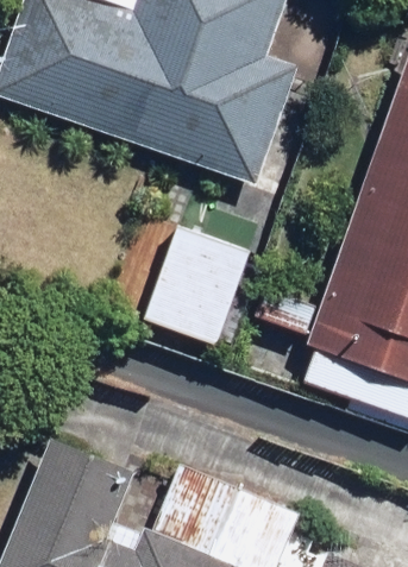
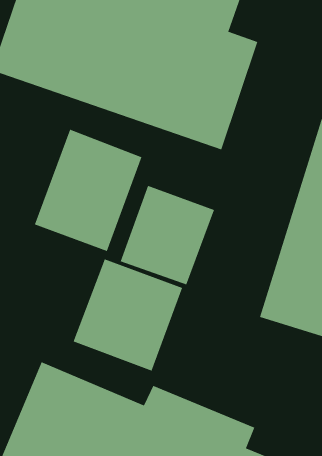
building: none -> [34,129,142,252]
building: none -> [73,259,183,371]

